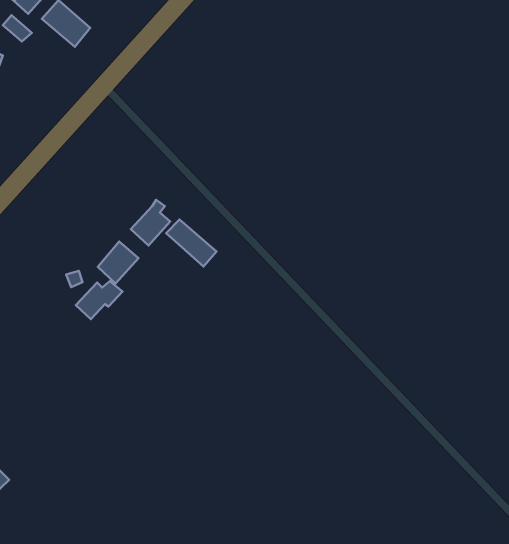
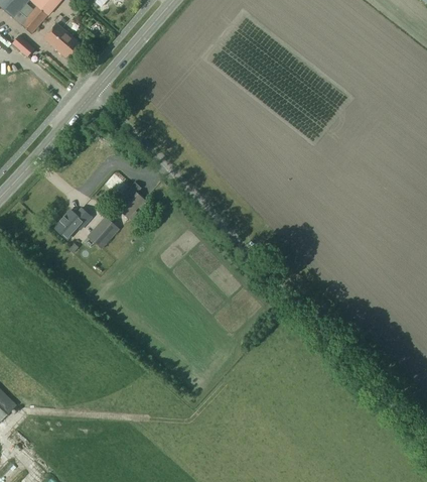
building: [166,219,216,266] -> none
building: [76,281,123,319] -> [53,208,91,238]

